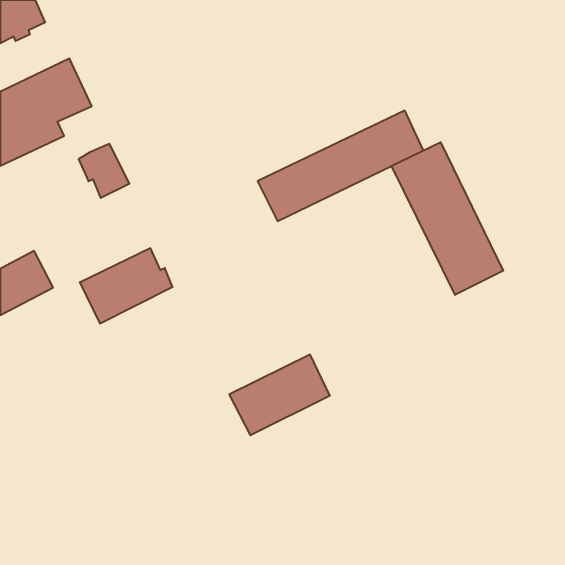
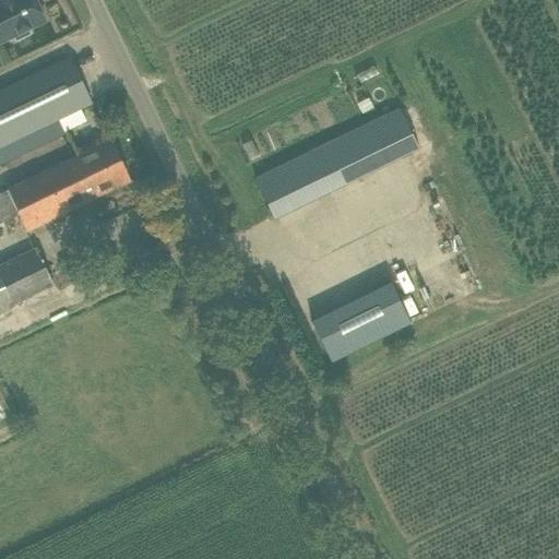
building: [391,142,503,295] -> none
building: [80,248,173,323] -> [8,157,99,231]
building: [229,355,330,435] -> [310,283,409,362]

